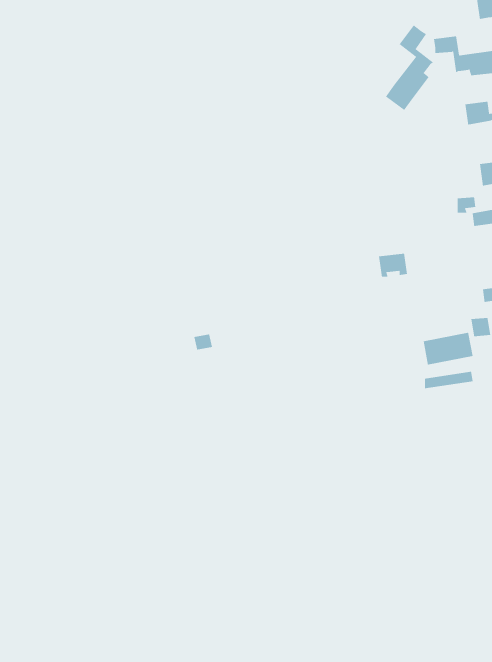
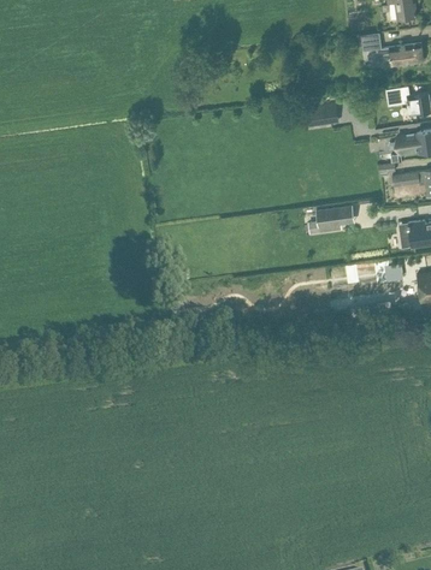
building: [385,25,434,111] -> none

